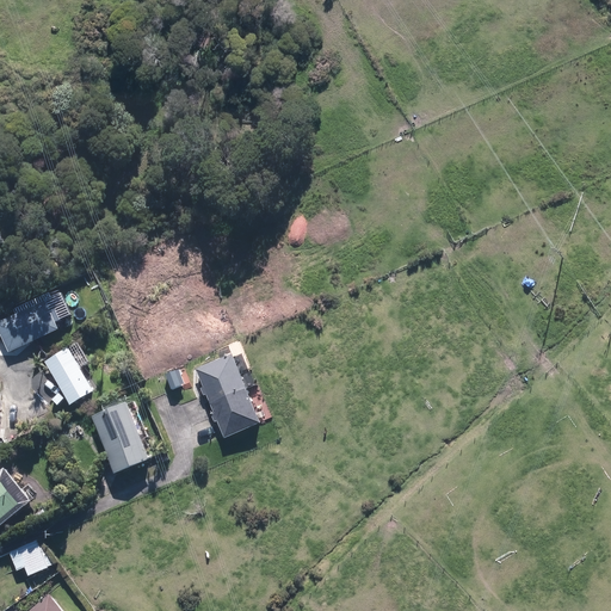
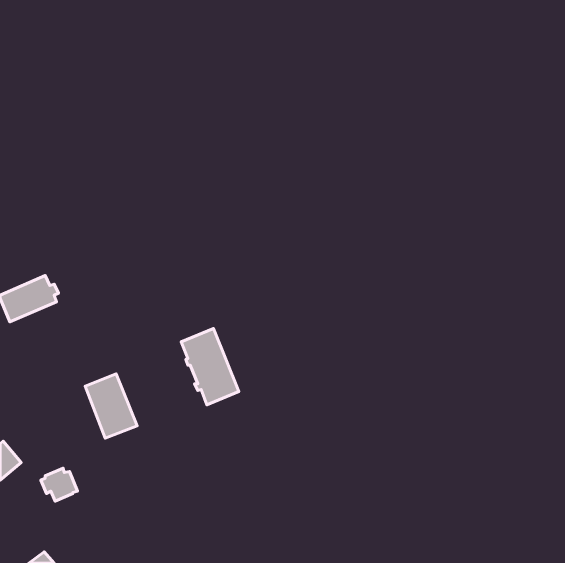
building: [49,345,97,401] -> none
building: [12,539,51,575] -> [41,468,77,501]

